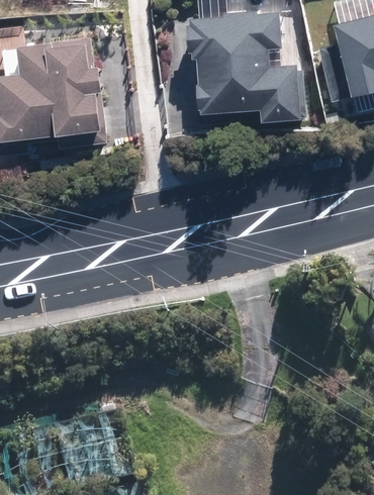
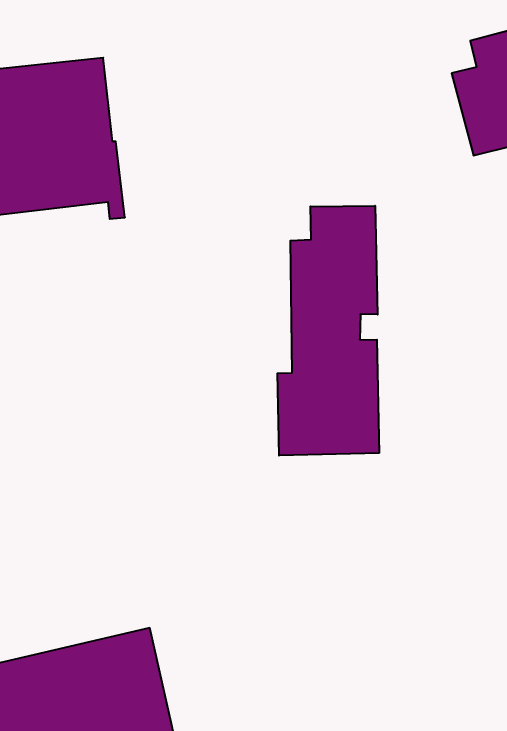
building: [184,14,302,123] -> none
building: none -> [277,206,379,456]

